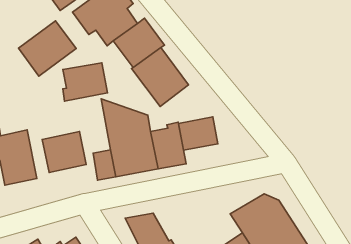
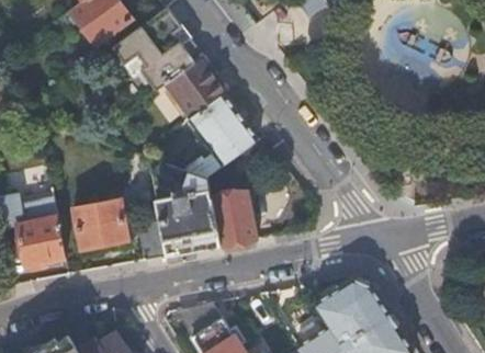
building: [18,21,76,76] -> none
building: [63,63,108,101] -> none
building: [179,117,218,150] -> none

